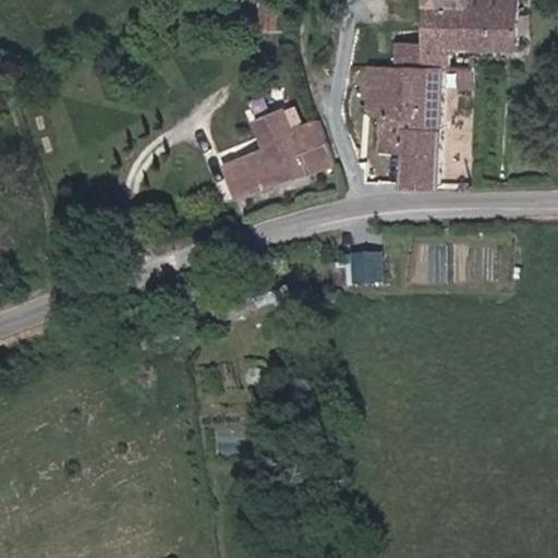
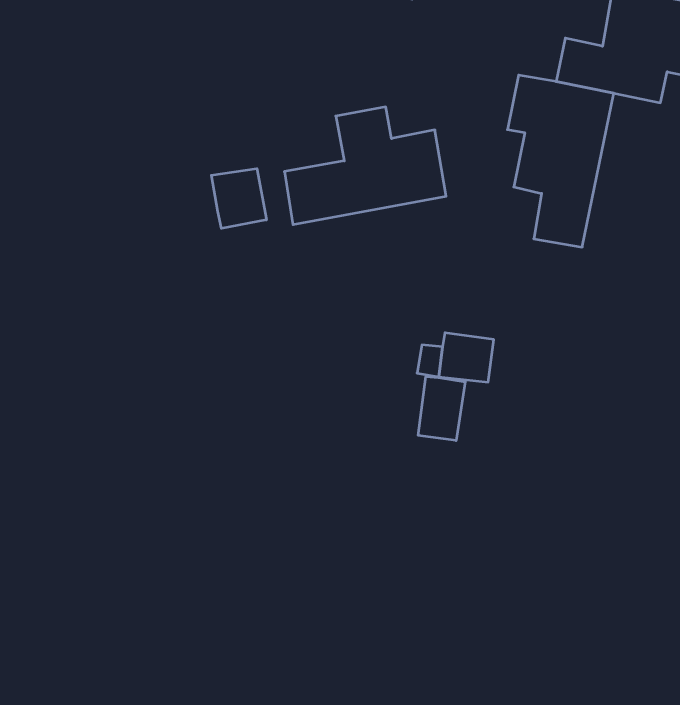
building: none -> [211,169,266,228]
building: none -> [418,377,465,441]

